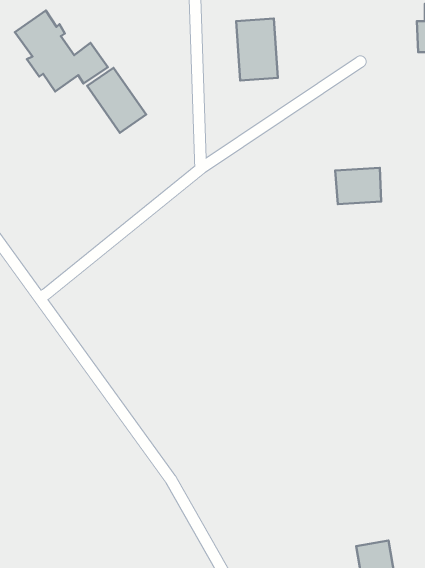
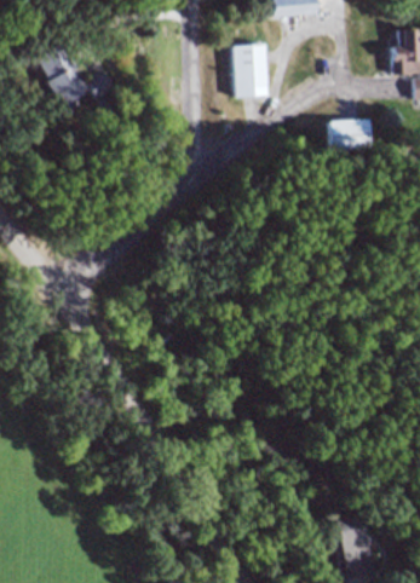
building: [87,68,146,133] -> none
building: [335,168,381,204] -> [329,119,370,151]

